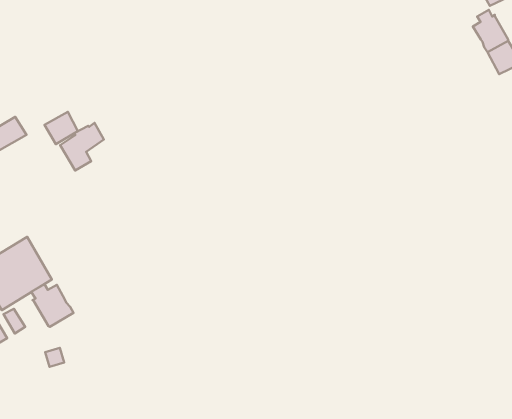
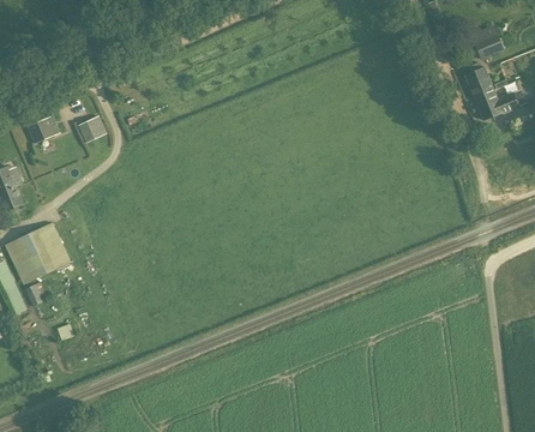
building: [60,123,104,170] -> none
building: [31,284,73,327] -> none

